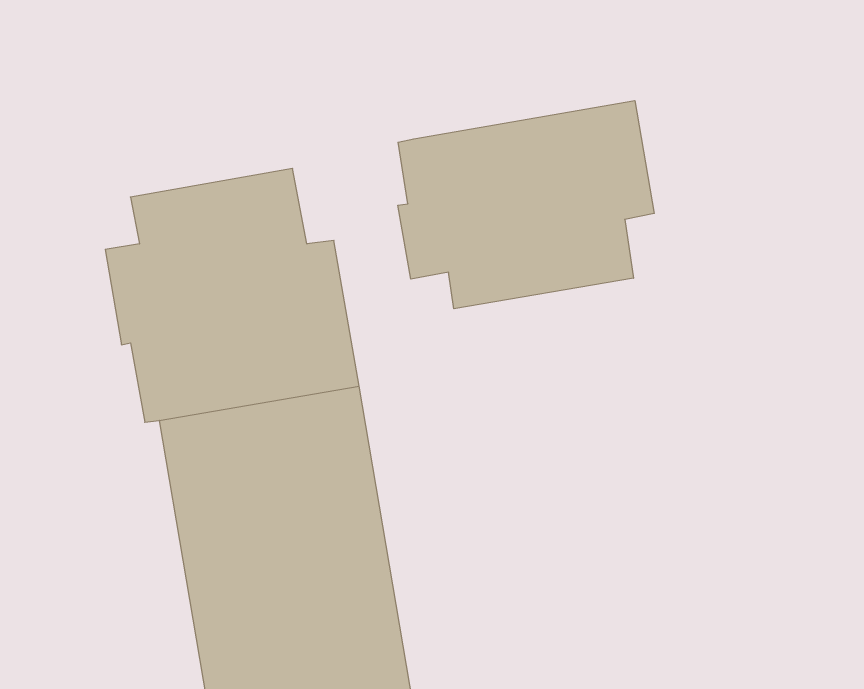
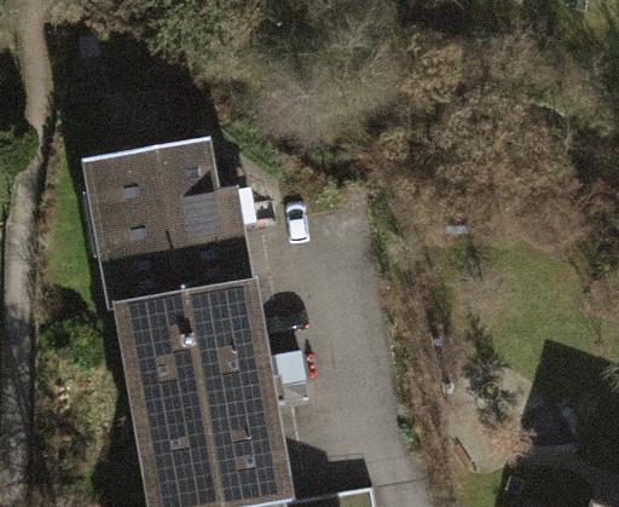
building: [398,101,654,309] -> none

